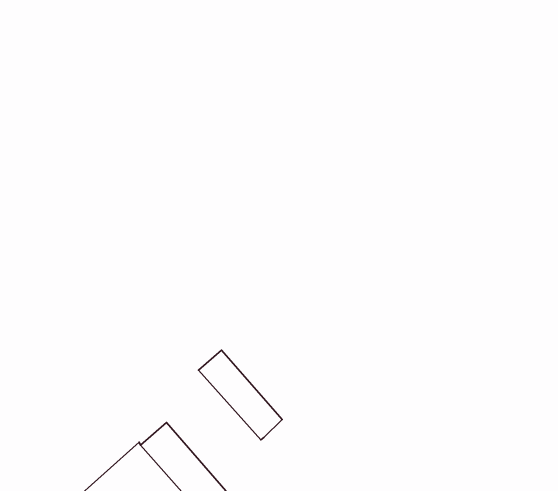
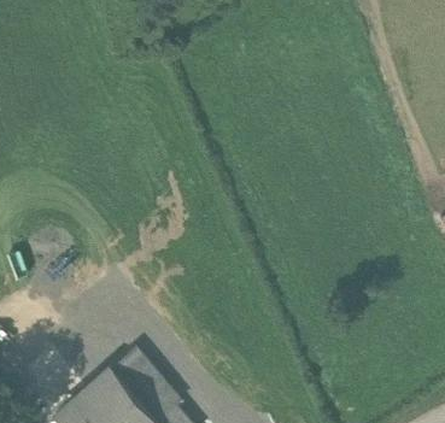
building: [199,350,282,440] -> none

